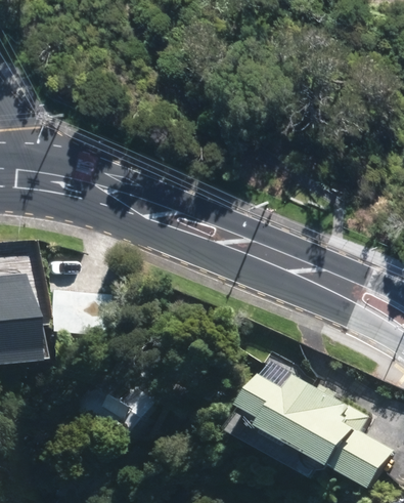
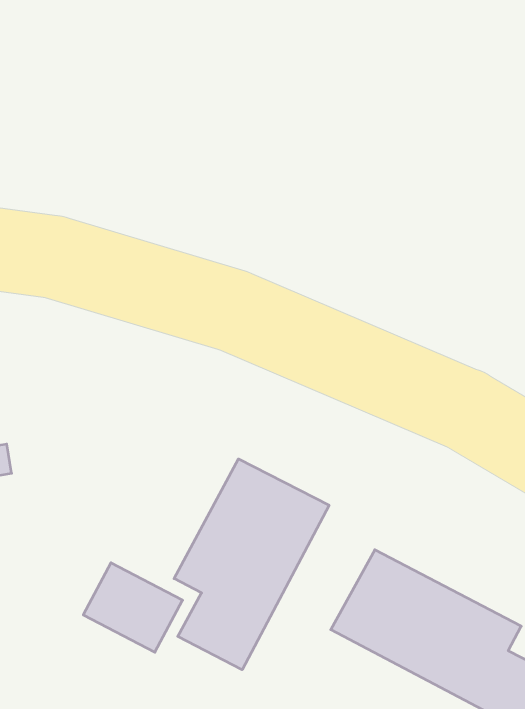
building: none -> [174,459,329,670]

